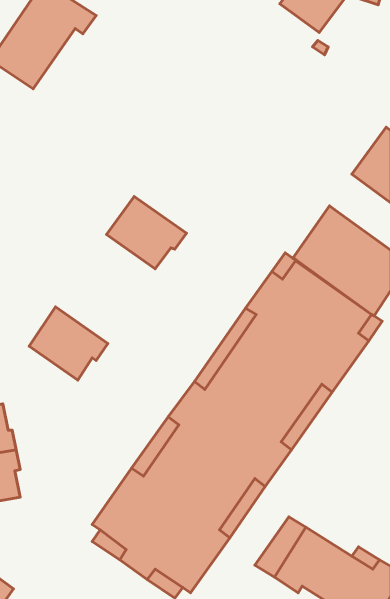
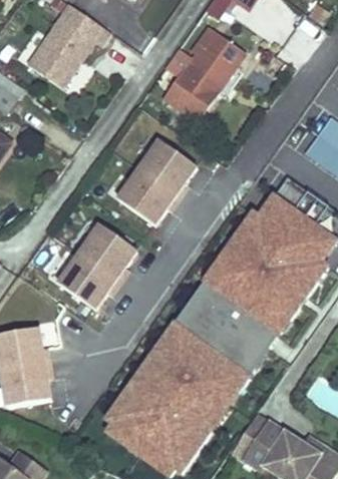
building: none -> [163,35,240,121]
building: none -> [136,140,194,197]
building: none -> [76,224,134,282]

